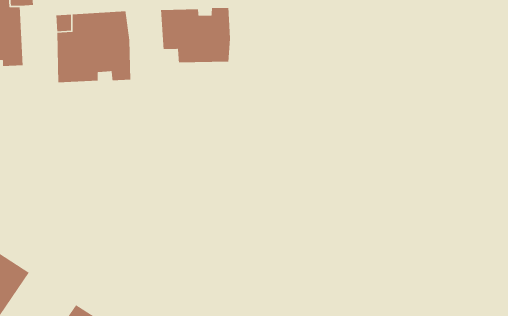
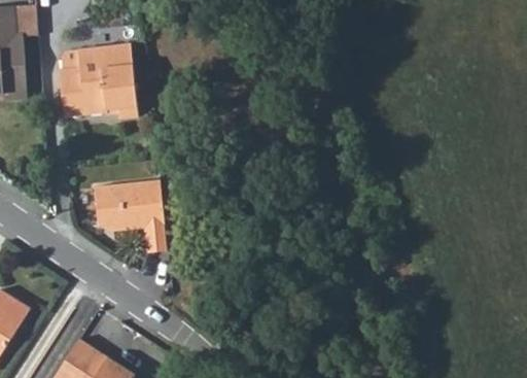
building: [160,7,231,63] -> none
building: none -> [94,182,168,257]

